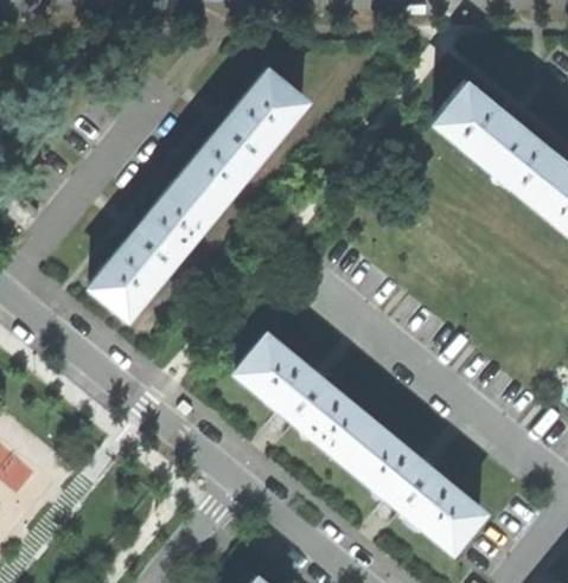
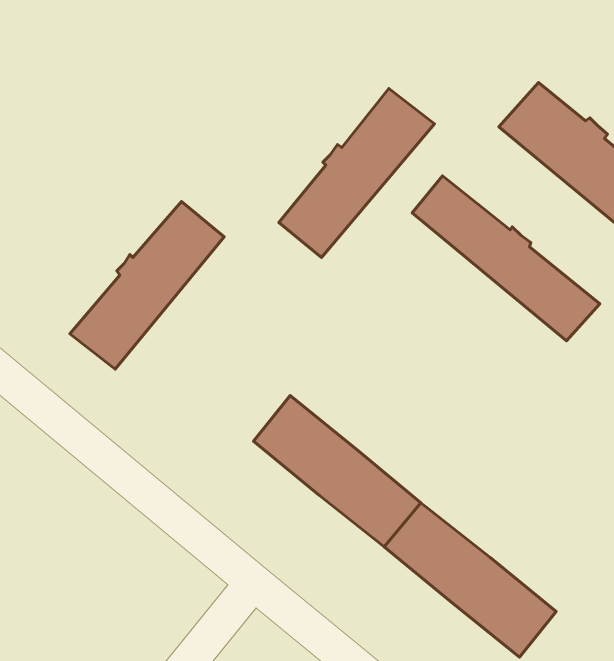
building: [179,72,305,209] -> [279,89,435,258]
building: none -> [412,176,600,341]

